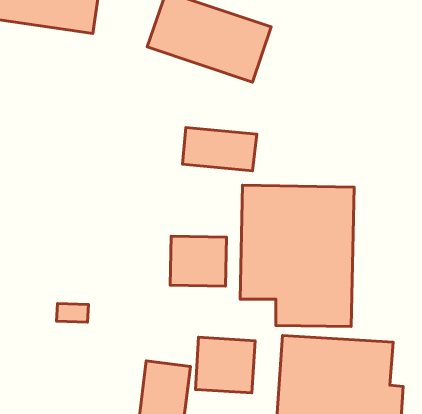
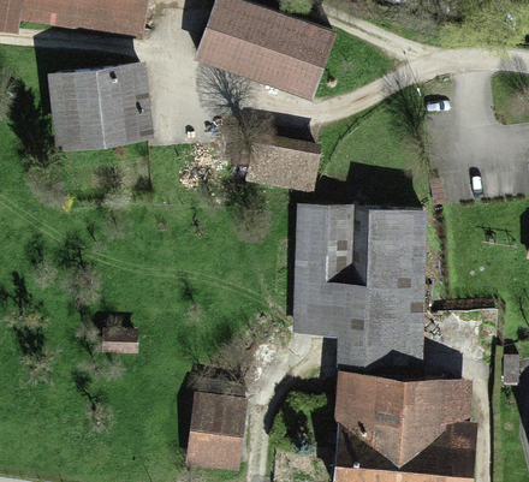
building: none -> [49,60,153,142]
building: [170,236,226,286] -> none
building: [195,337,255,393] -> none

